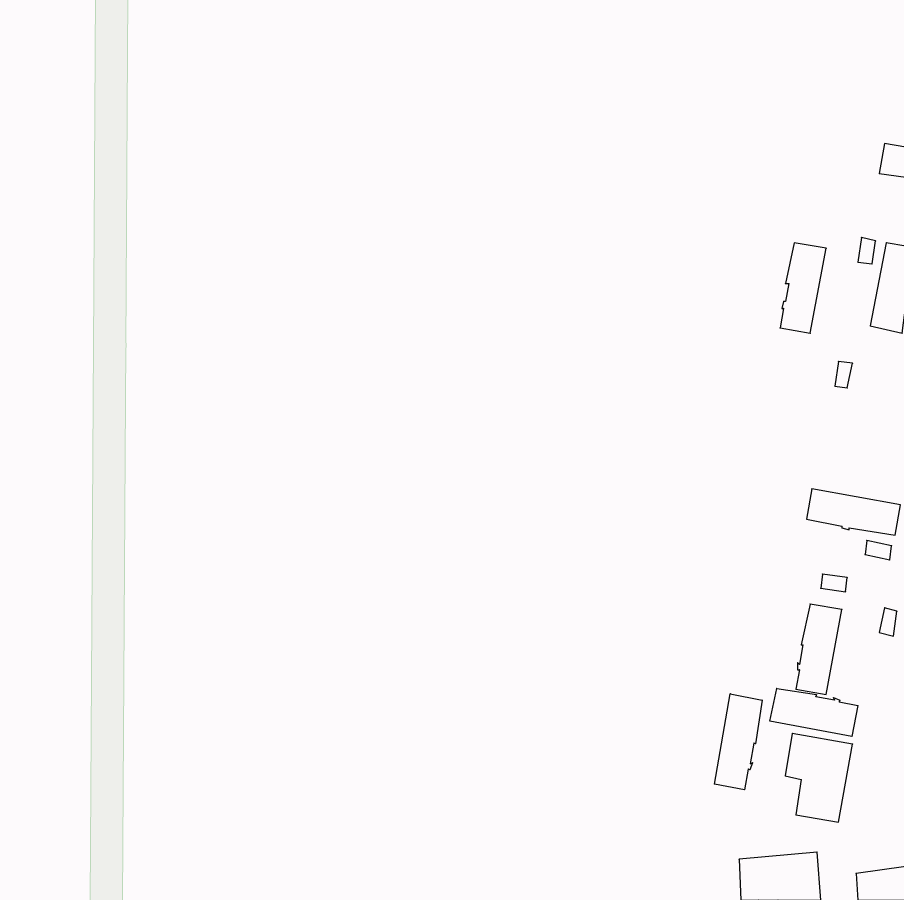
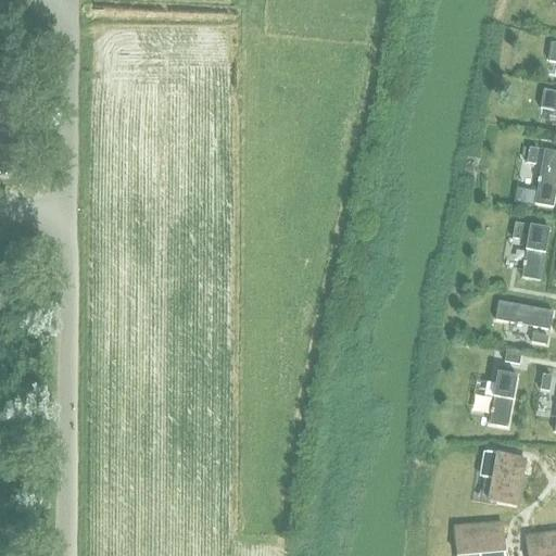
building: [780,243,826,333] -> [521,224,549,279]
building: [770,688,858,736] -> none
building: [714,694,762,790] -> none

